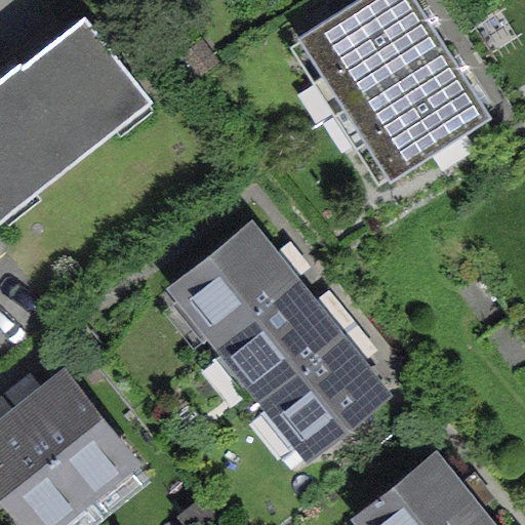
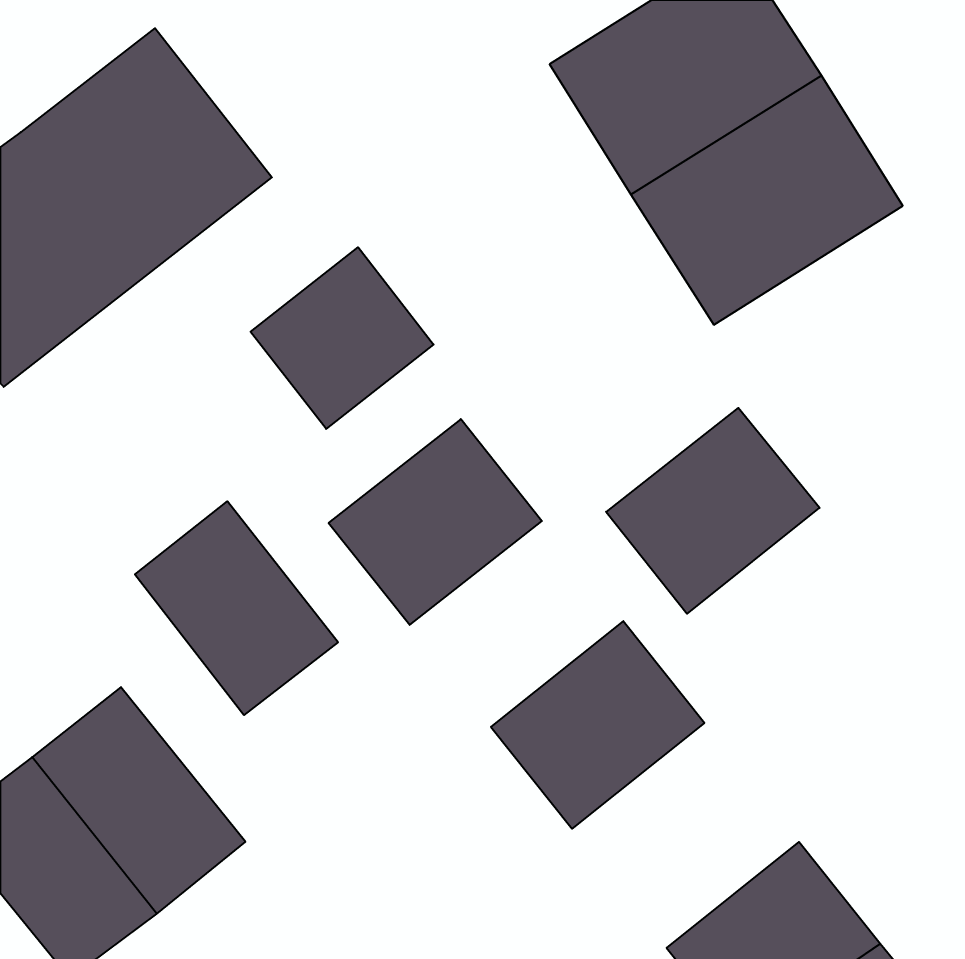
building: none -> [251,247,434,429]
building: none -> [135,501,338,715]
building: [223,286,338,398] -> [606,408,820,614]

